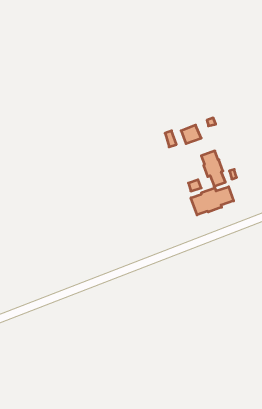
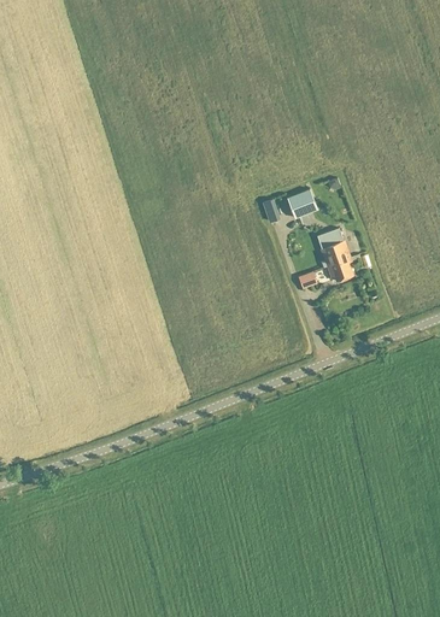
building: [191,187,234,215] -> none

